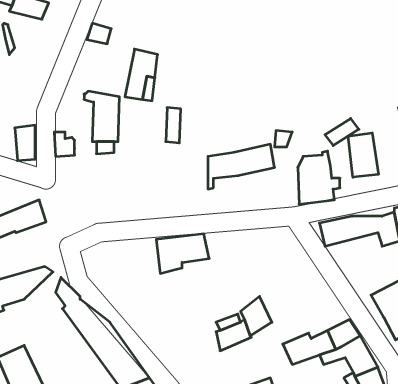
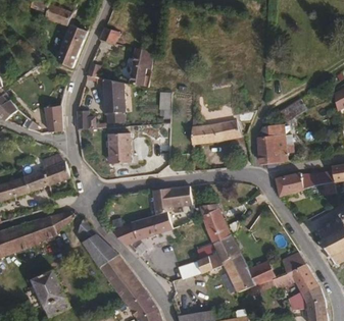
building: none -> [57,23,86,67]
building: [348,133,378,177] -> none
building: none -> [108,131,130,162]
building: none -> [199,204,230,245]
building: none -> [111,213,171,244]
building: none -> [223,253,254,291]

